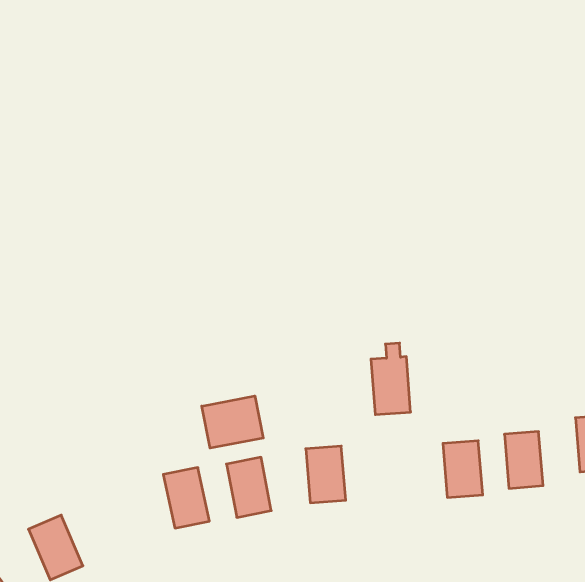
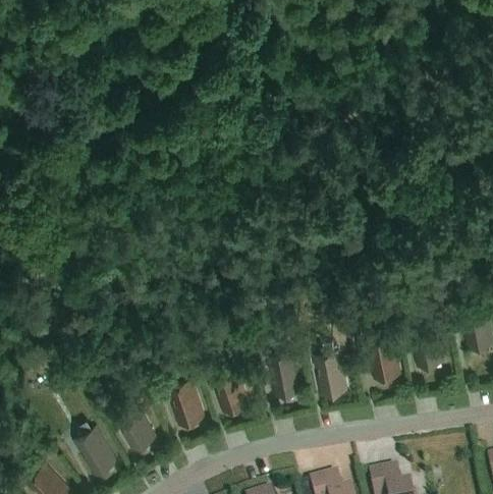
building: [371,343,411,415] -> [315,346,348,400]
building: [202,396,263,448] -> none
building: none -> [114,407,157,455]

